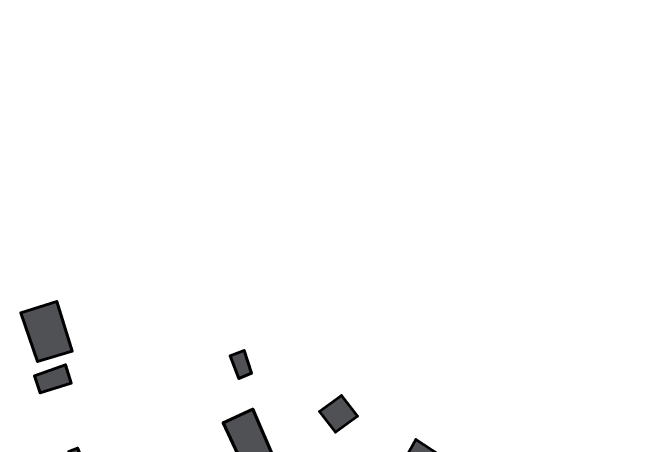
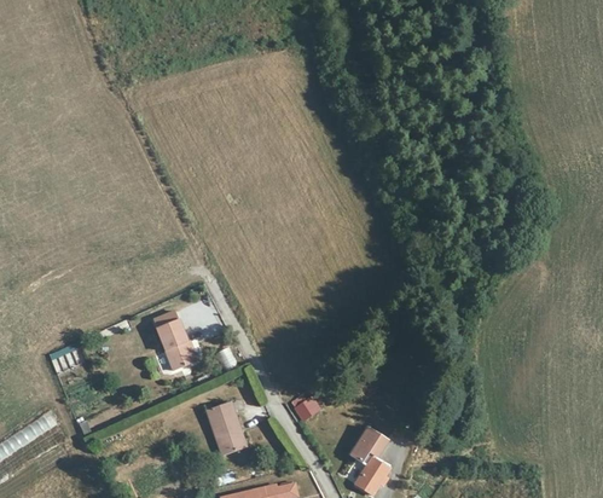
building: [21,302,72,361] -> none
building: none -> [155,317,195,365]

